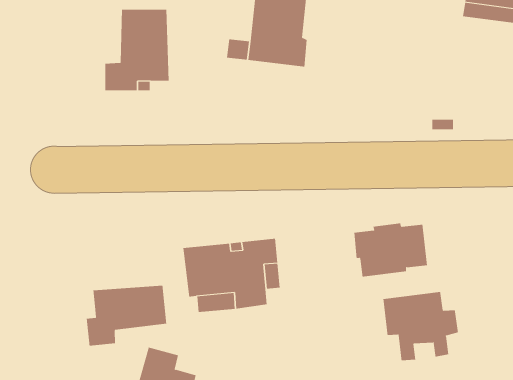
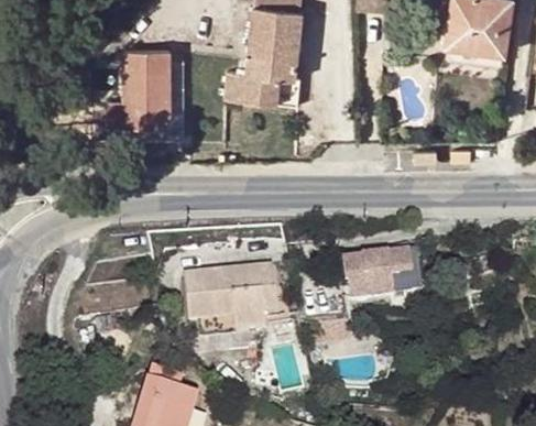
building: [86,285,167,346] -> none
building: [383,291,458,361] -> none

